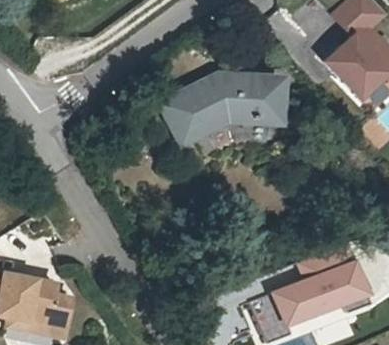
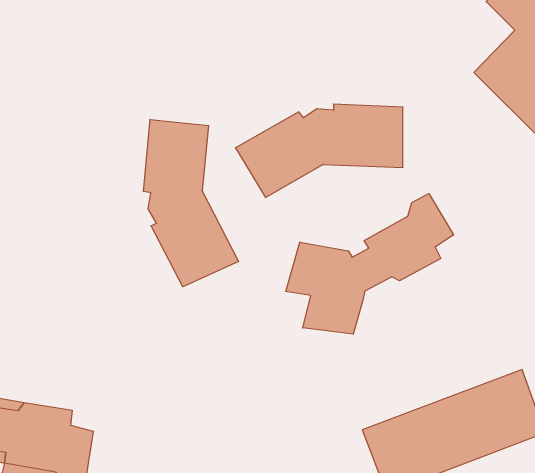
building: none -> [143,119,239,287]
building: none -> [286,194,454,334]

